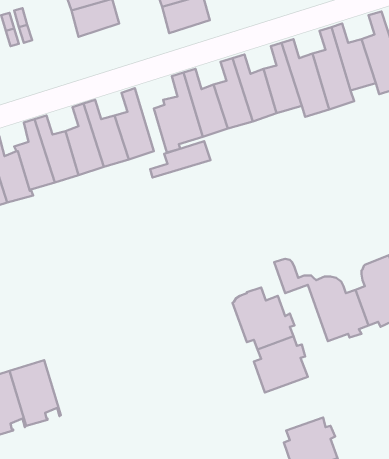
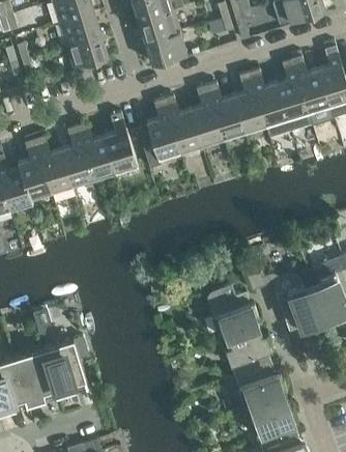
building: [150,141,211,177] -> none
building: none -> [42,337,89,396]
building: none -> [234,363,285,409]

